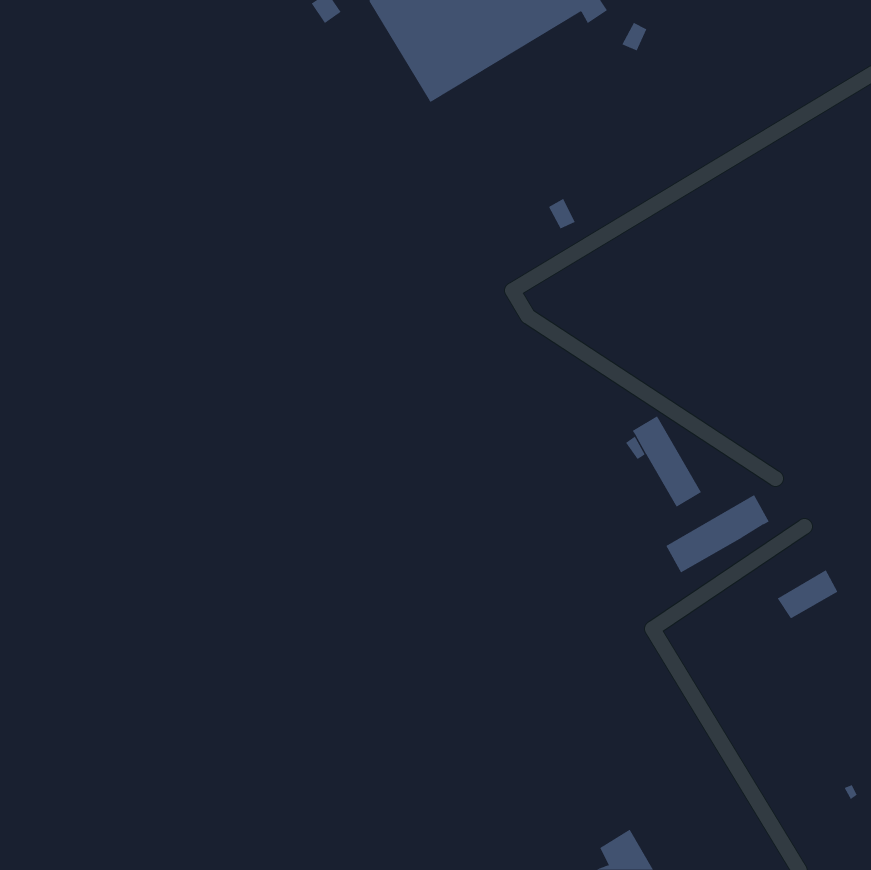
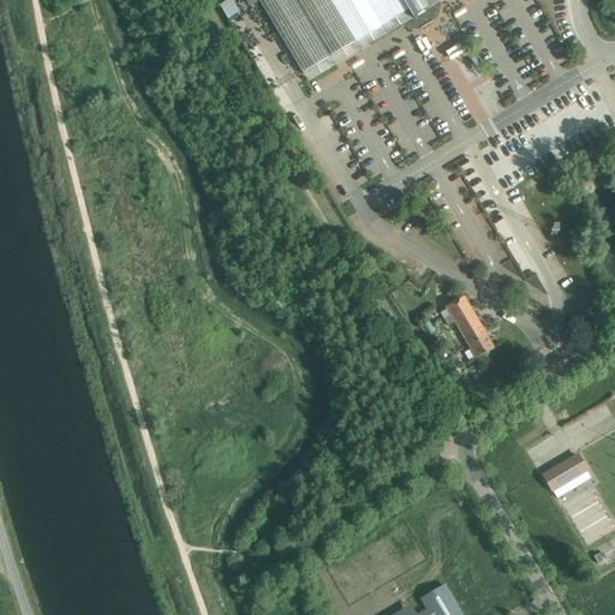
building: [665,494,769,573] -> none
building: [777,569,838,619] -> [544,453,587,488]

